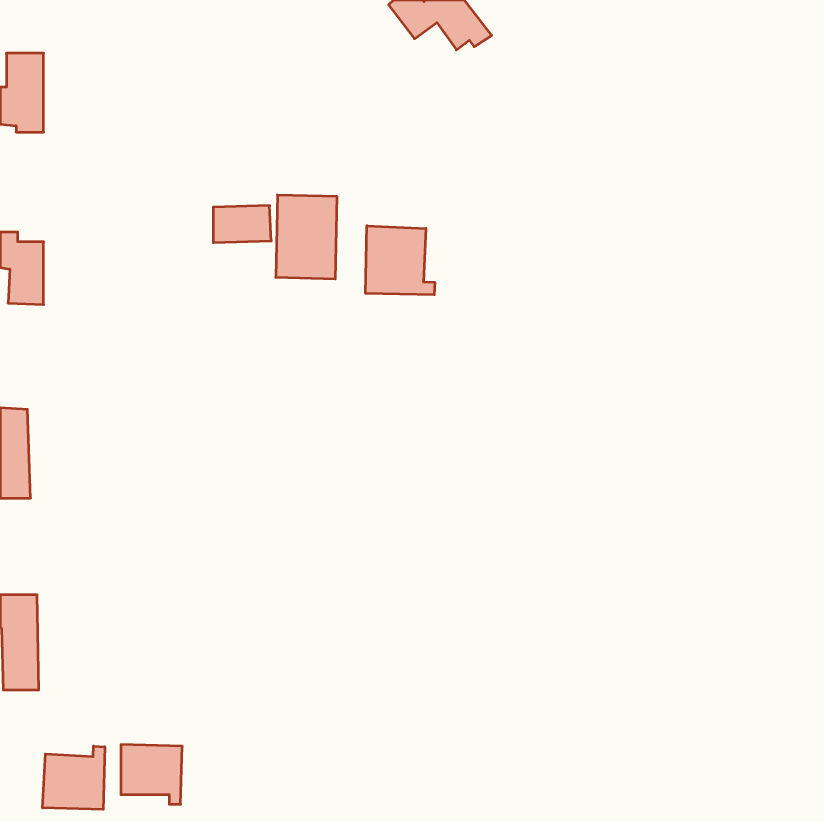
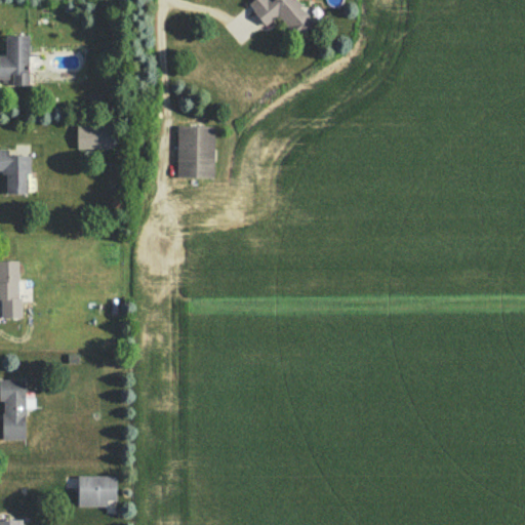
building: [213,206,271,243] -> [76,125,113,149]
building: [366,226,435,295] -> none
building: [43,746,105,809] -> none

